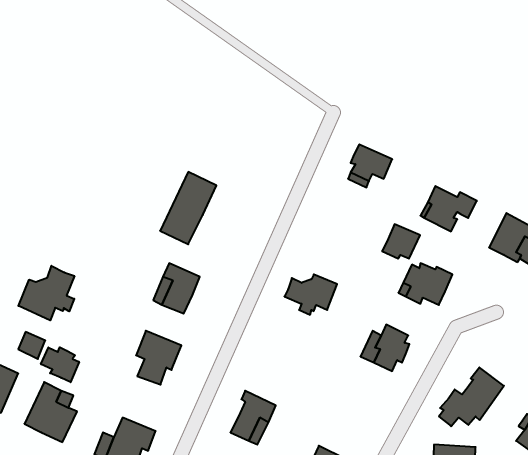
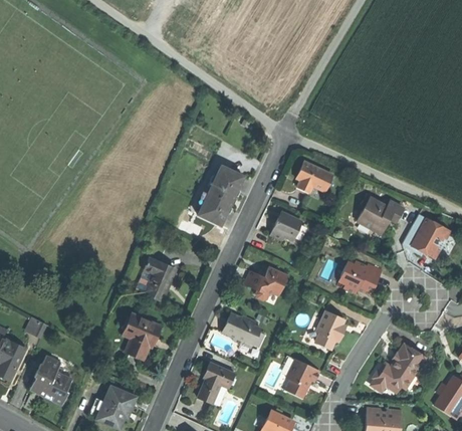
building: [160,172,216,244] -> [197,166,243,225]
building: [382,224,420,259] -> [271,212,302,240]
building: [18,266,74,320] -> none
building: none -> [223,314,261,346]
building: [41,347,79,382] -> none
building: none -> [285,358,319,396]

